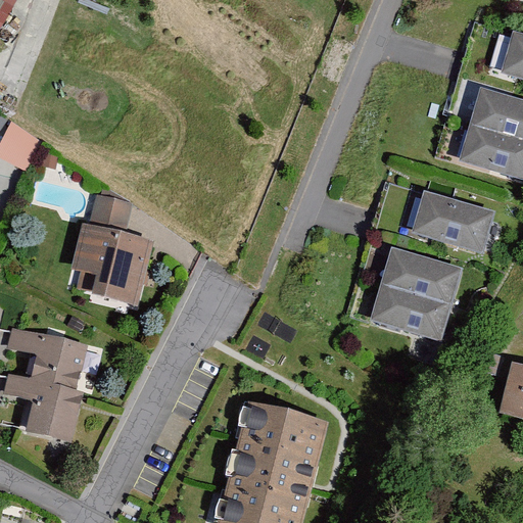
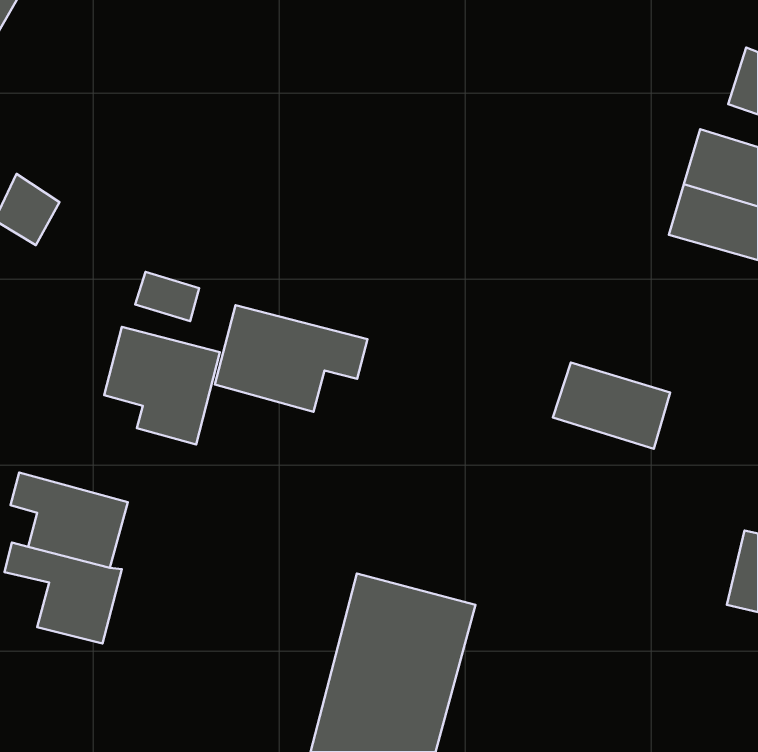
building: [409,188,492,253] -> none
building: none -> [215,305,367,412]
building: [370,287,449,343] -> none

